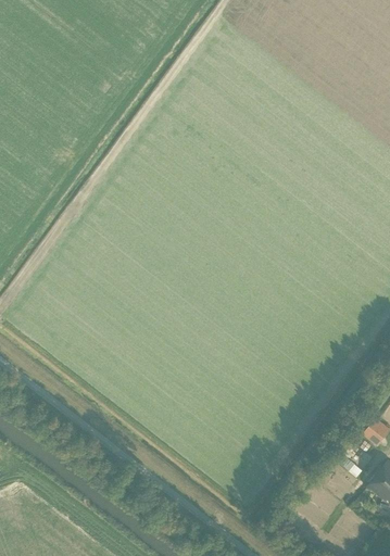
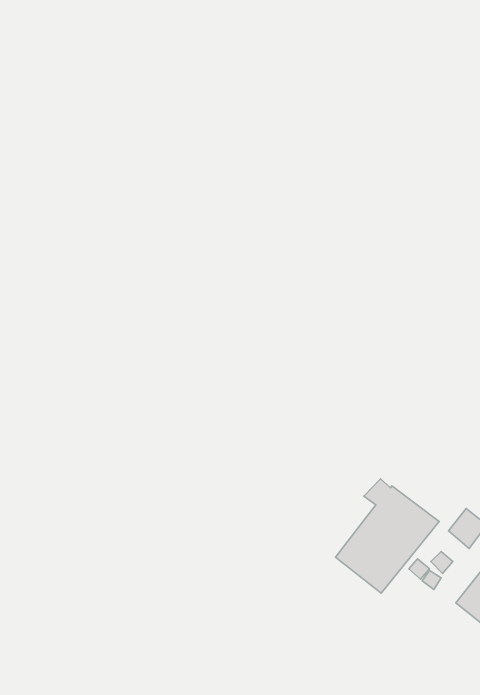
building: none -> [336,479,439,593]

